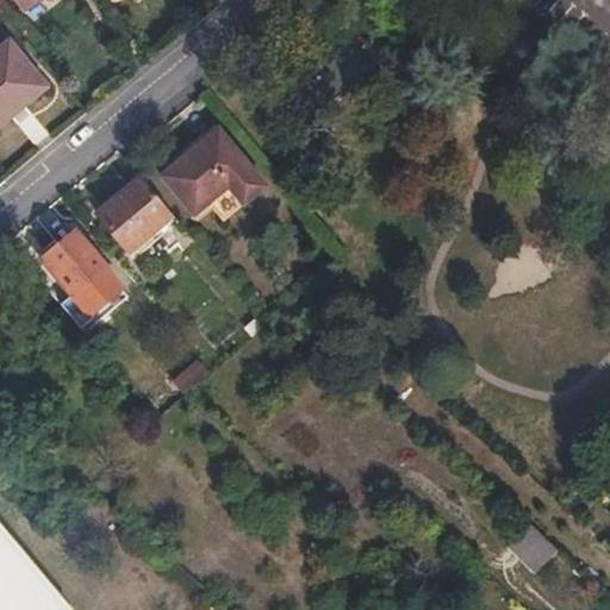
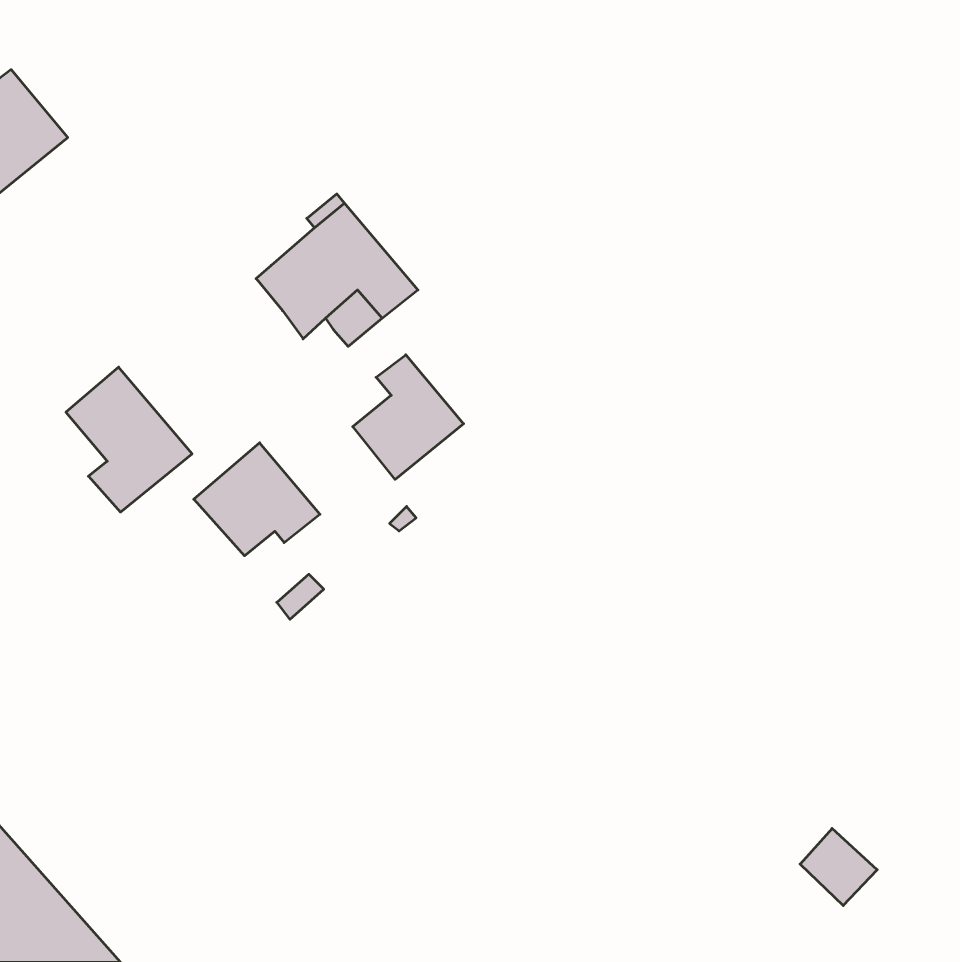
building: [98,178,178,249] -> [194,443,320,556]
building: none -> [353,355,464,479]

